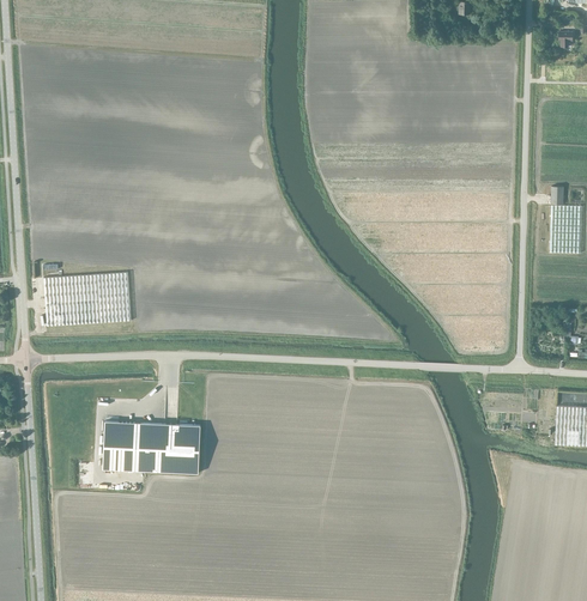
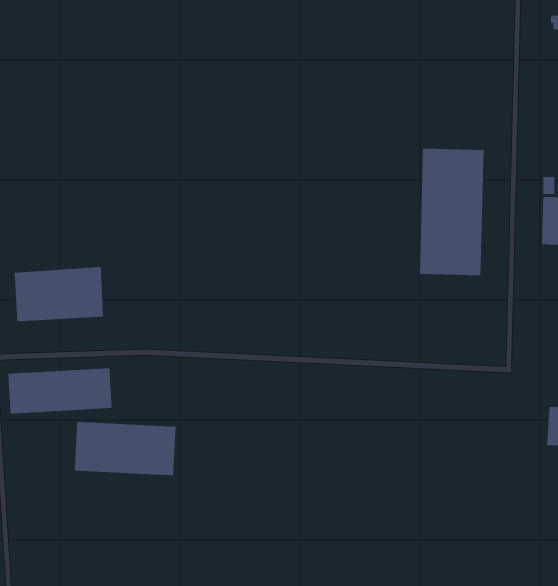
building: none -> [419,148,484,276]
building: none -> [8,367,112,414]

